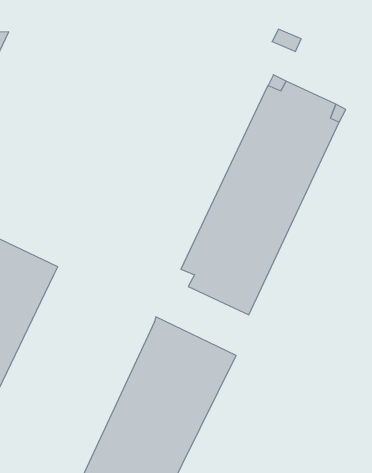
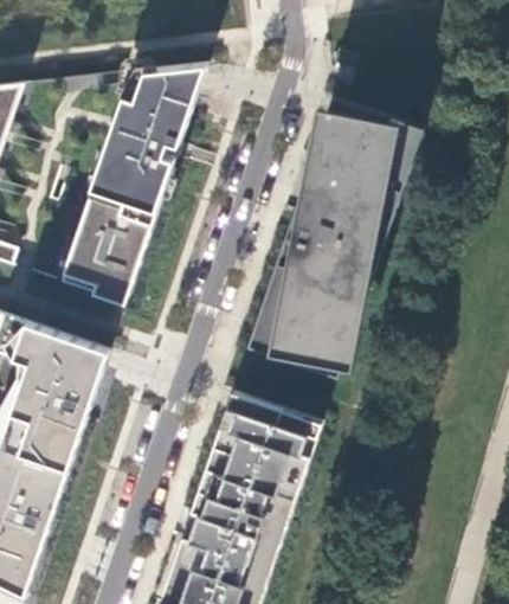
building: none -> [58,64,206,307]

